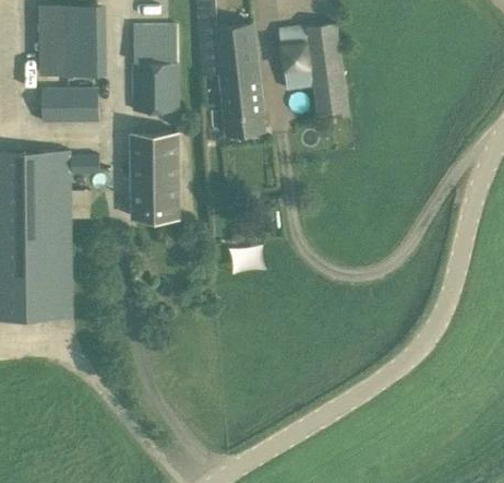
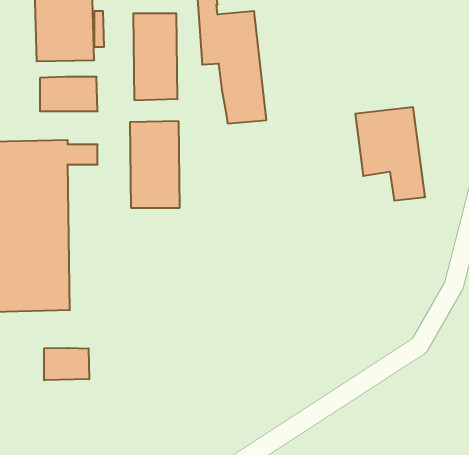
building: [279,24,348,116] -> [355,107,425,200]
building: none -> [44,348,89,380]

